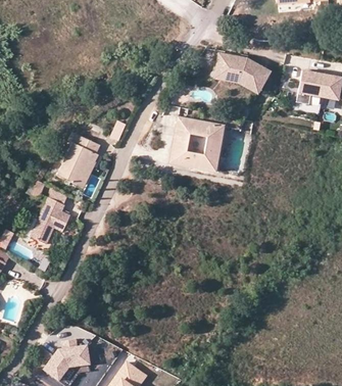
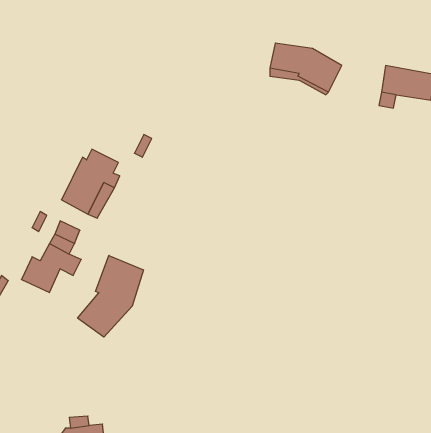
building: [168,118,225,173] -> none
building: none -> [78,255,143,337]

